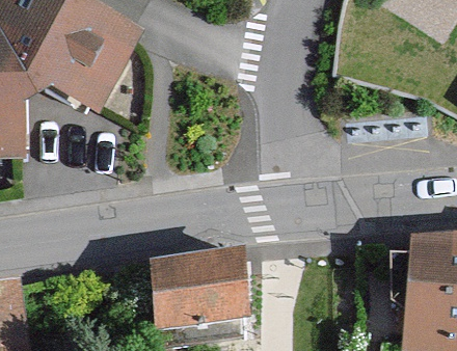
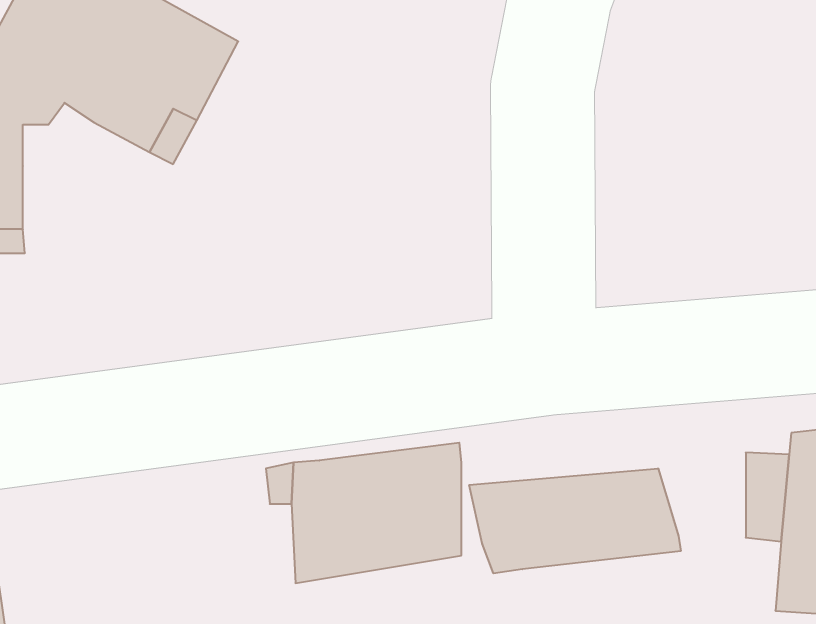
building: none -> [469,468,681,573]

